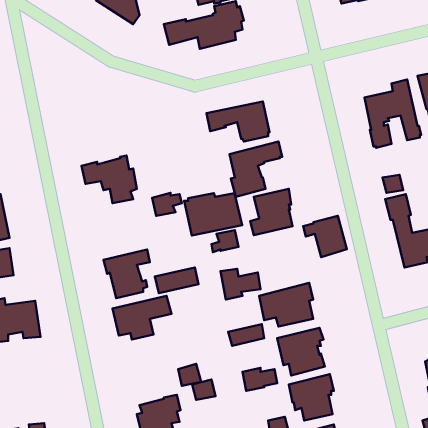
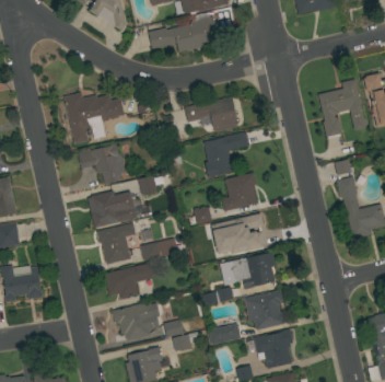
building: none -> [63,92,124,143]
building: [184,193,242,236] -> [88,192,137,228]
building: [303,216,347,257] -> [230,215,267,250]
building: none -> [113,302,155,342]

